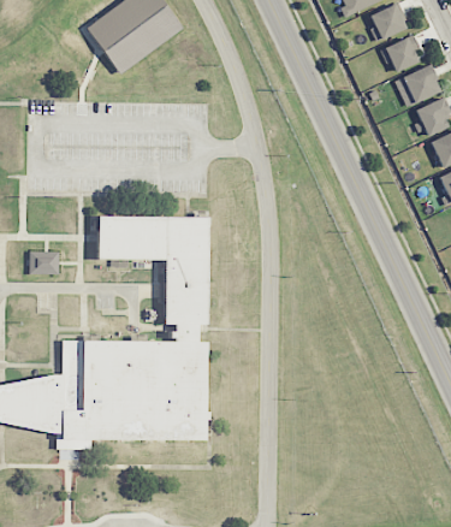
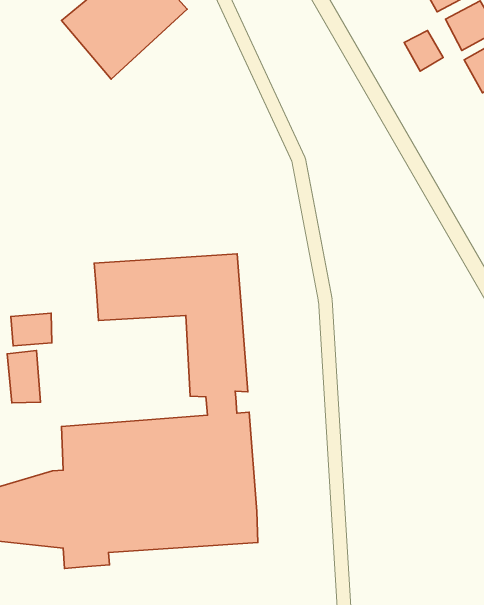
building: none -> [404,30,443,71]
building: none -> [7,350,41,403]

